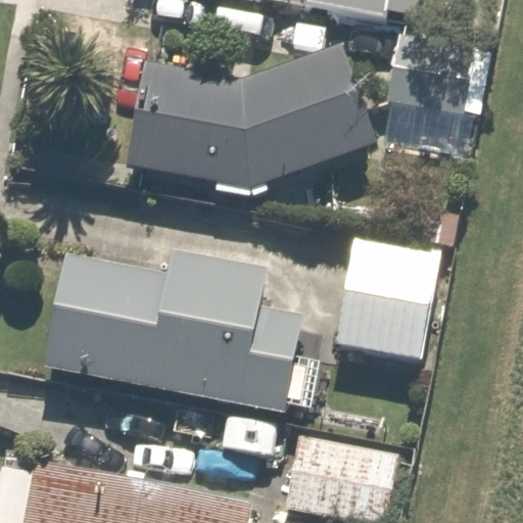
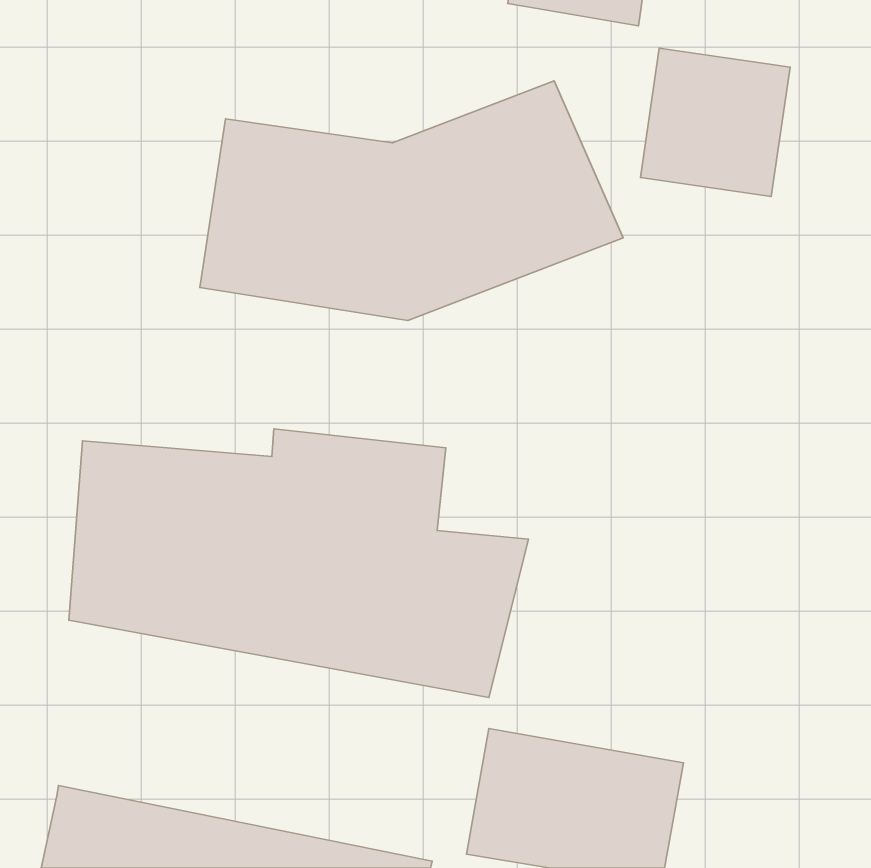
building: [336,239,440,359] -> none

